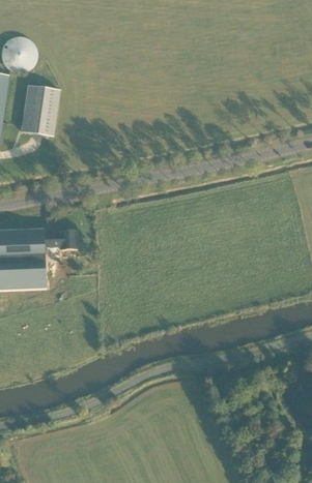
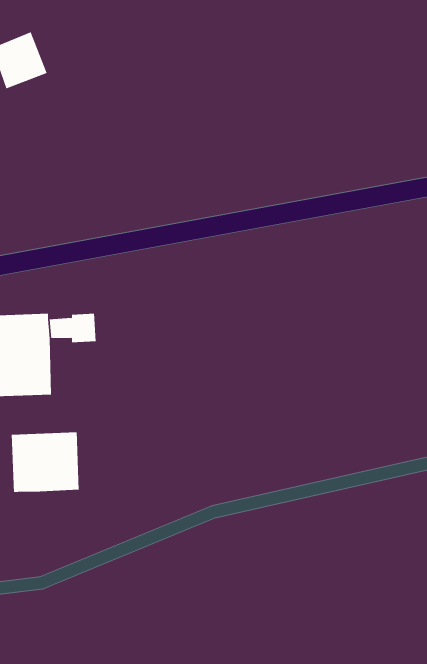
building: [21,86,59,137] -> none
building: none -> [11,431,79,493]

